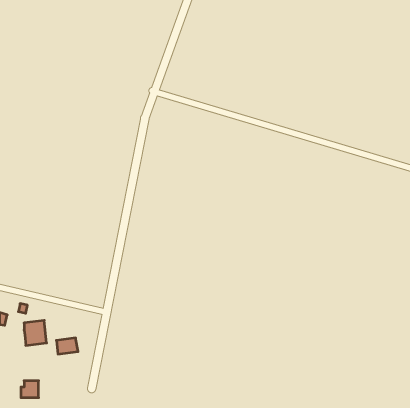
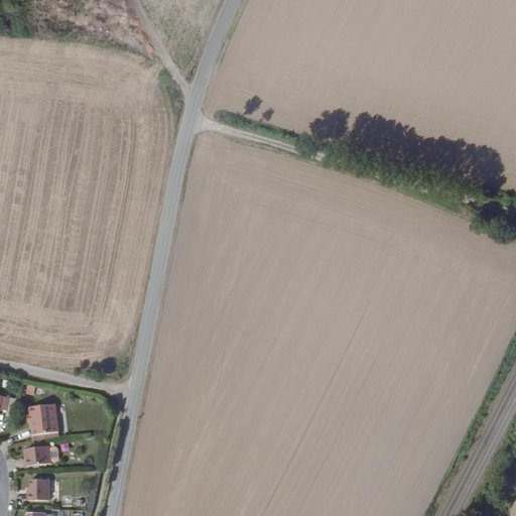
building: [56,338,78,354] -> [24,444,51,465]

